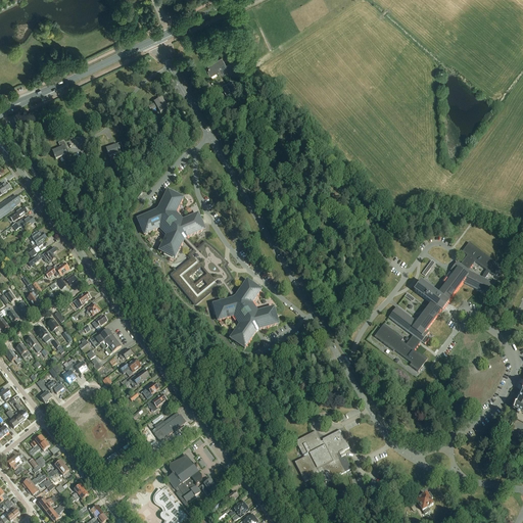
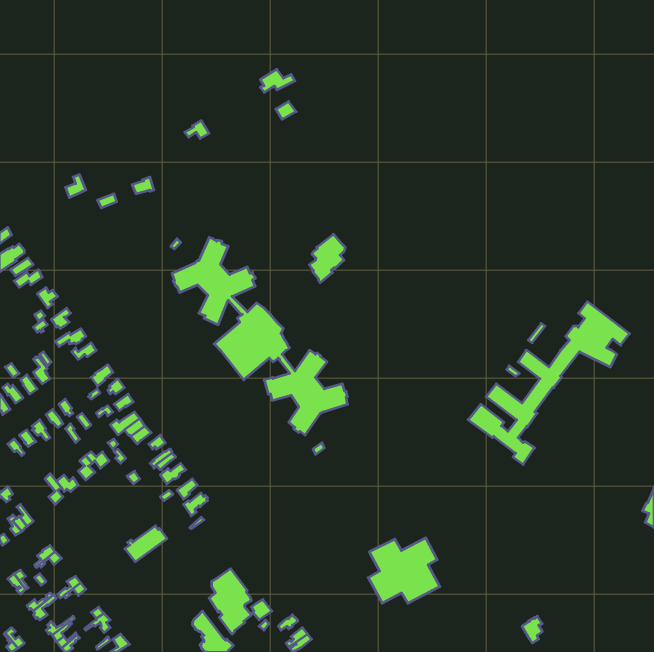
building: none -> [309,234,345,283]
building: [151,411,185,439] -> [125,526,167,562]

